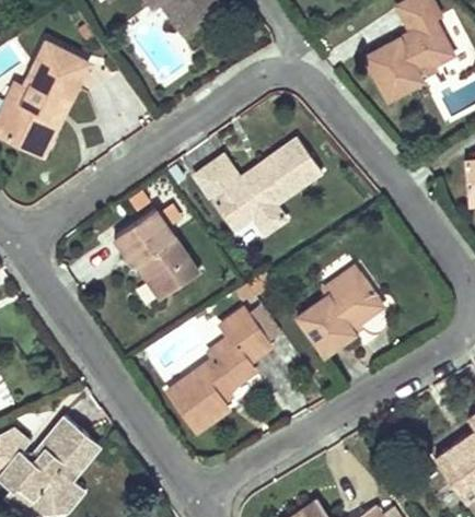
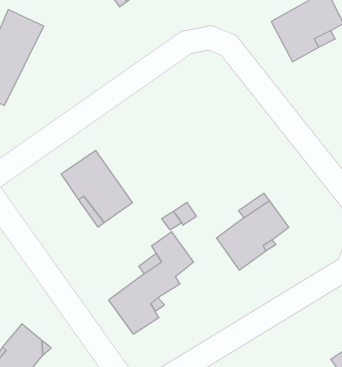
building: [195,140,321,237] -> none

